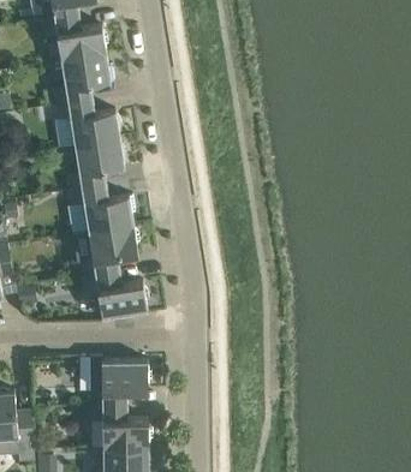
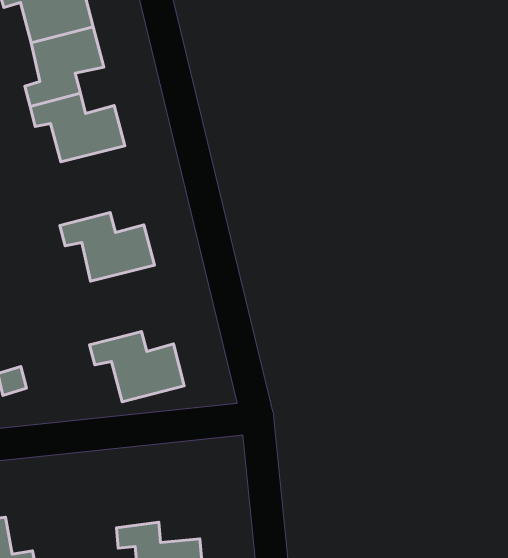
building: [67,139,124,191] -> none
building: [81,225,141,276] -> none
building: [89,357,148,406] -> none

